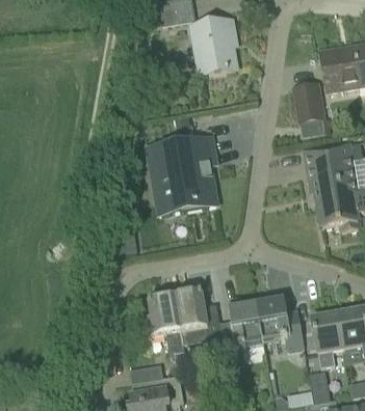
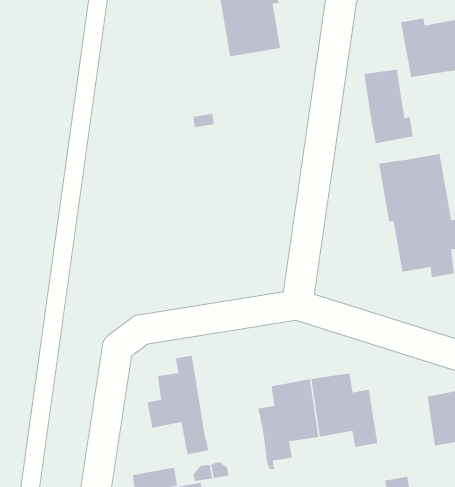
building: [147,136,215,213] -> none
building: [173,282,223,344] -> none
building: [311,313,343,367] -> none

